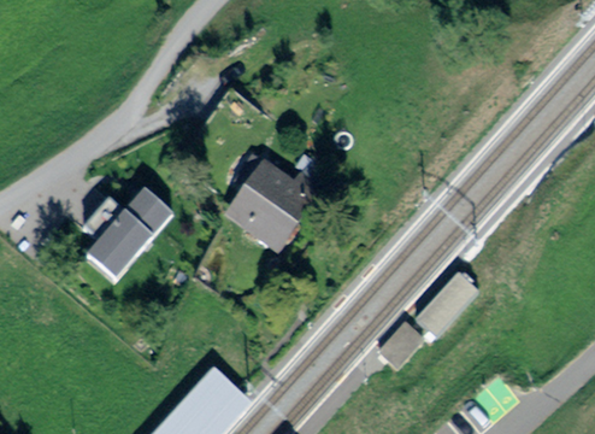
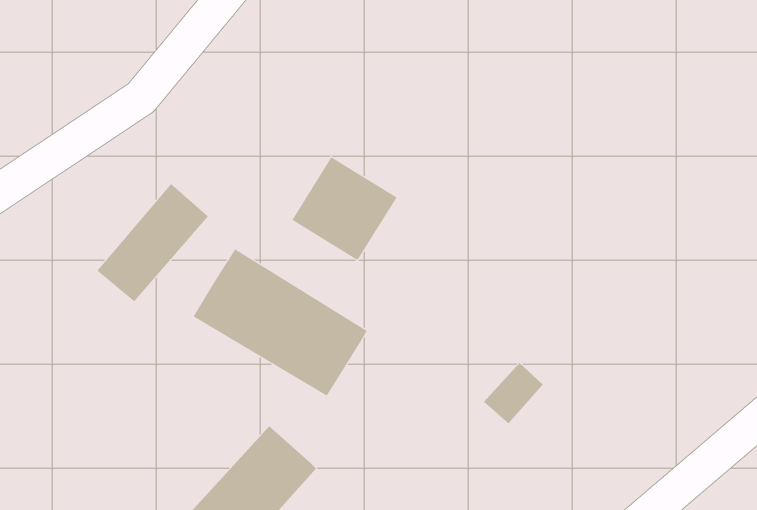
building: none -> [193,249,367,396]
building: [414,270,481,340] -> none

